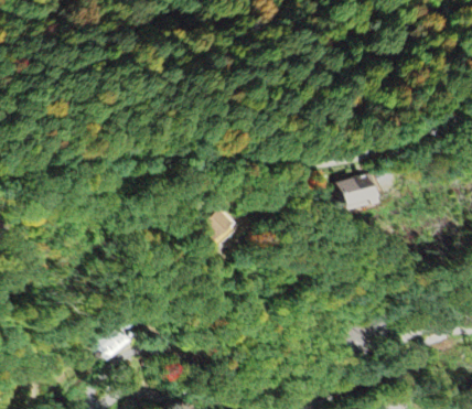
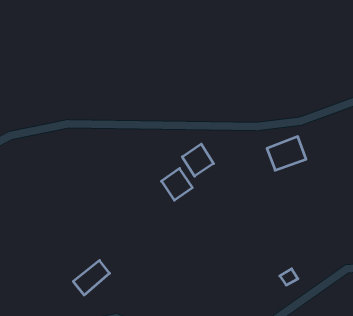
building: none -> [182,144,214,176]

